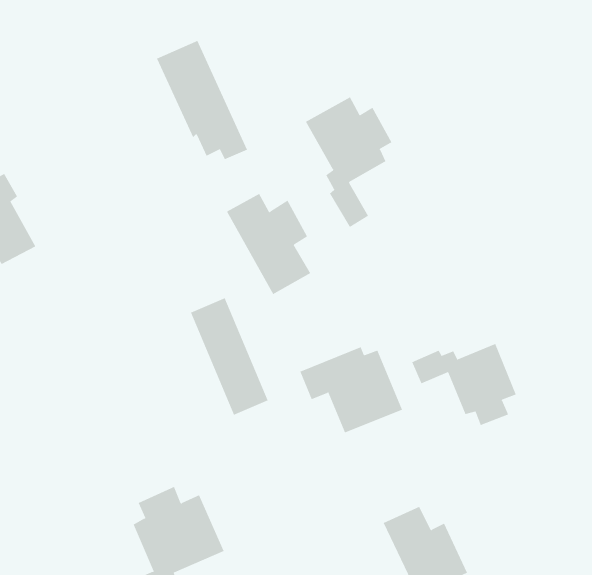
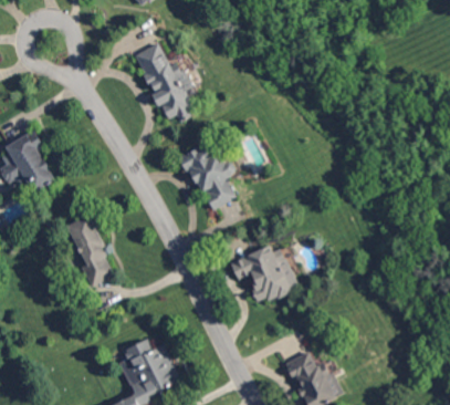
building: [305,97,392,228] -> none
building: [190,297,269,416] -> [65,215,117,293]
building: [411,343,517,426] -> none

